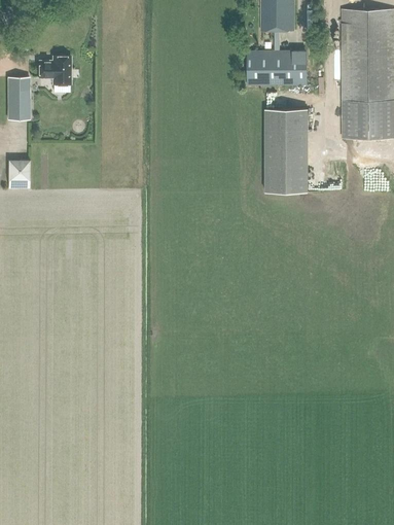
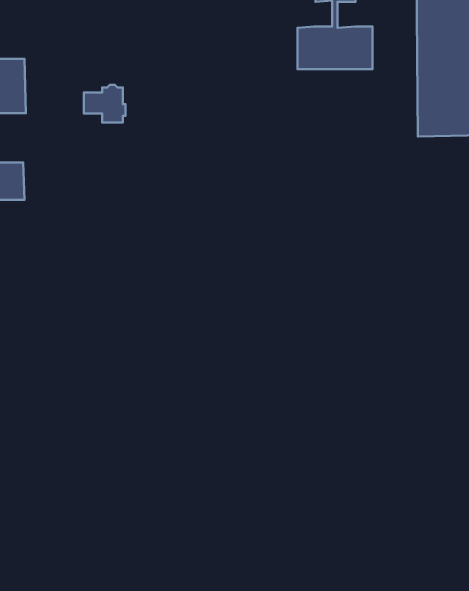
building: [34,51,67,81] -> [84,85,125,122]
building: [264,108,307,191] -> none

